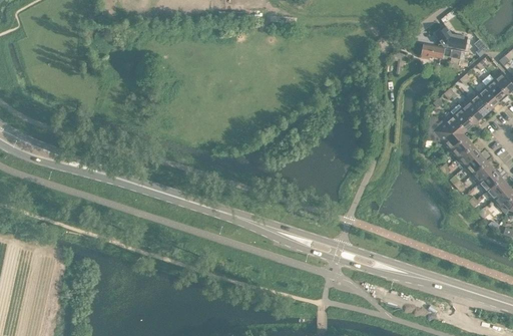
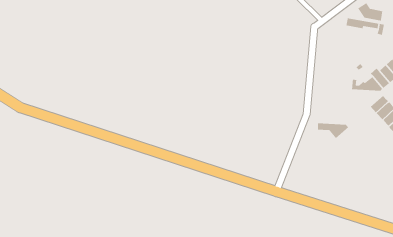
building: [428,130,466,150] -> [317,122,349,139]

